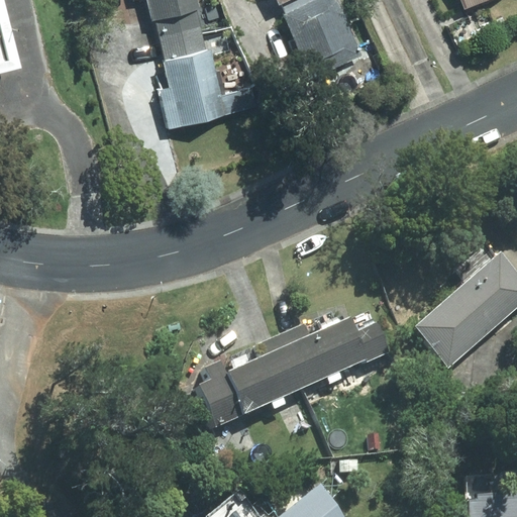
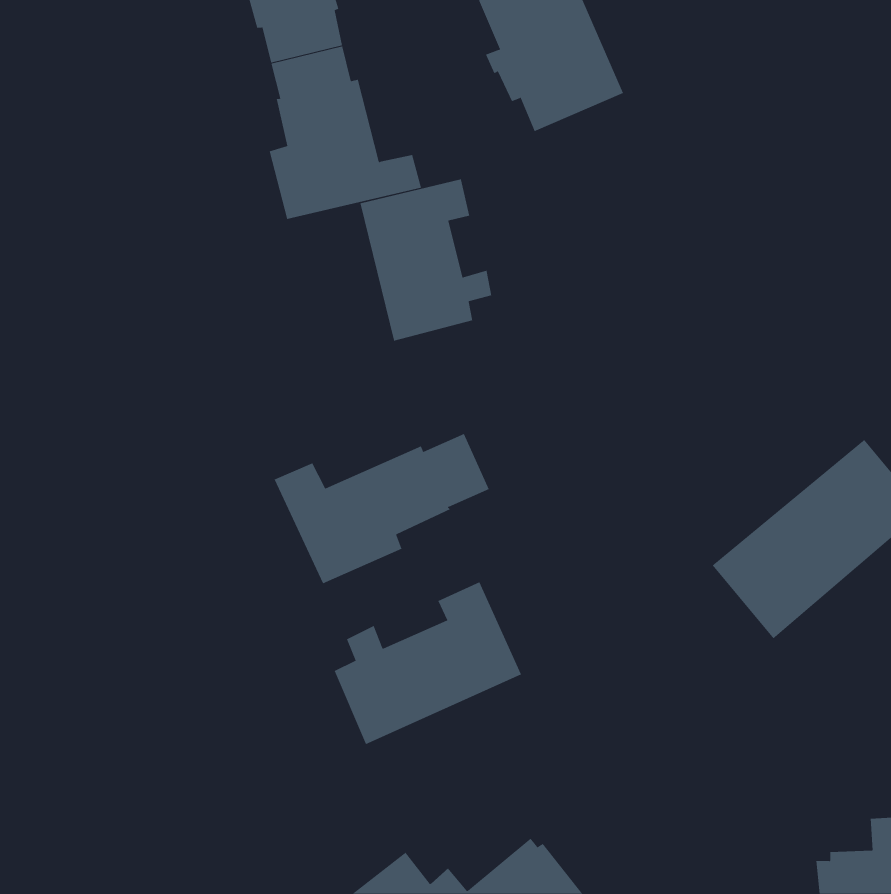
building: none -> [360,178,492,342]
building: none -> [274,433,489,584]
building: [280,317,389,388] -> none

